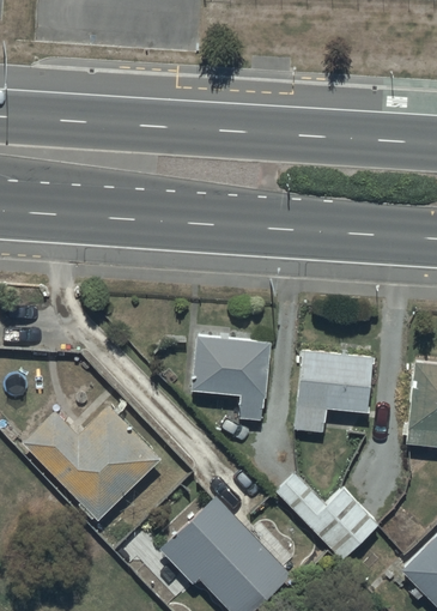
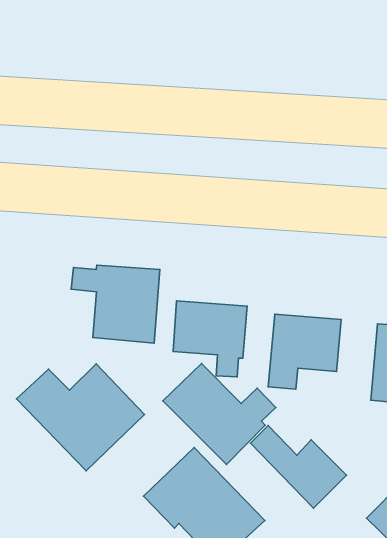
building: none -> [71,265,160,343]
building: none -> [163,363,276,465]

